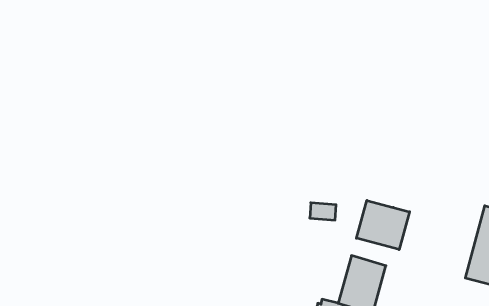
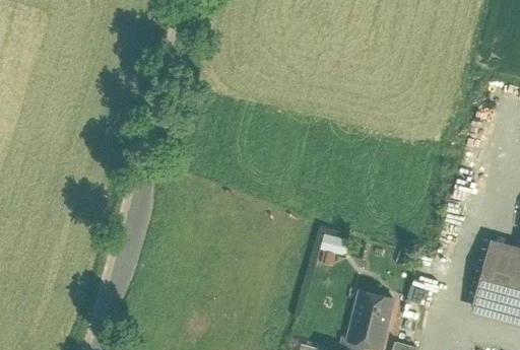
building: [356,200,410,250] -> none

